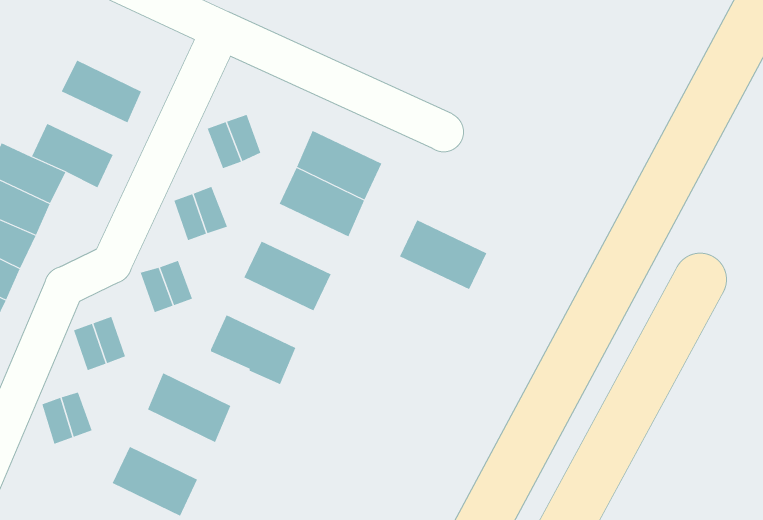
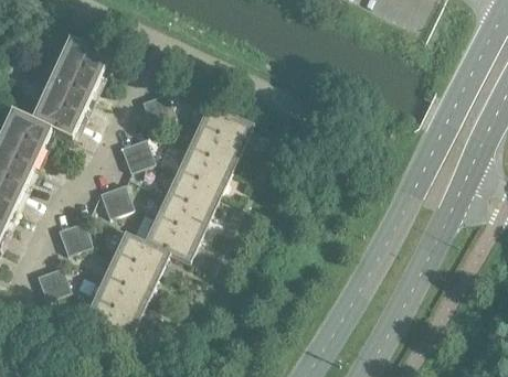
building: none -> [59,36,109,77]
building: none -> [40,77,91,117]
building: [399,220,487,290] -> [174,148,230,192]
building: none -> [152,194,208,238]
building: none -> [113,230,167,274]
building: none -> [92,277,146,321]

